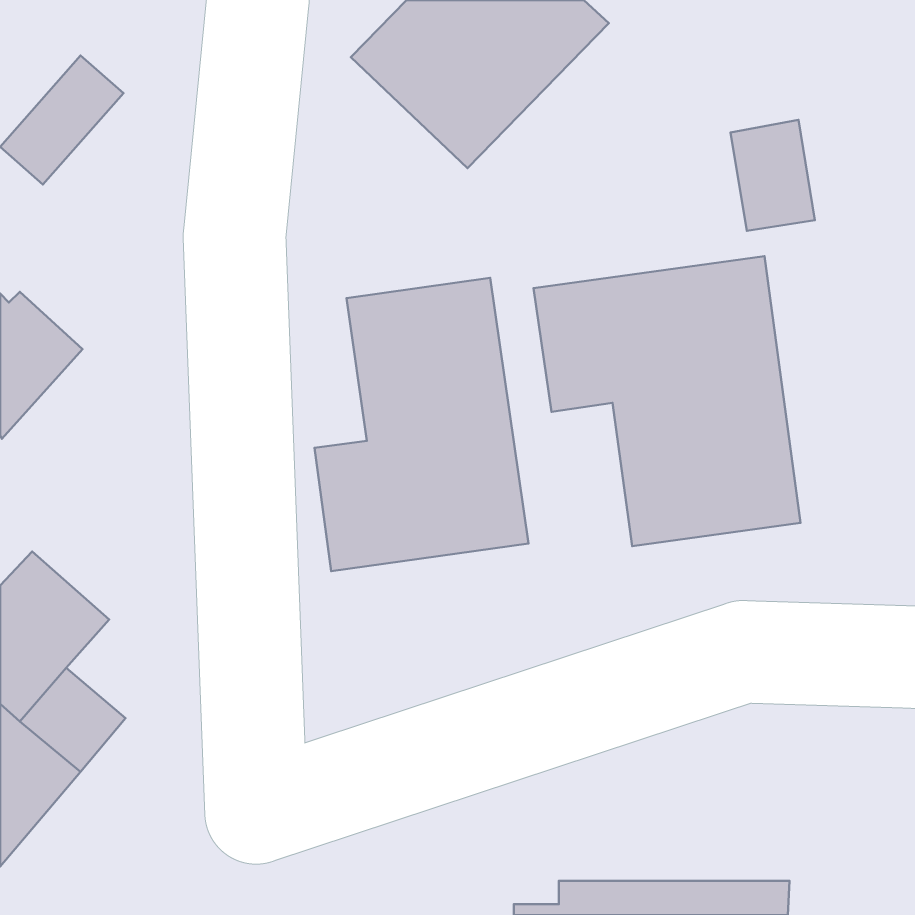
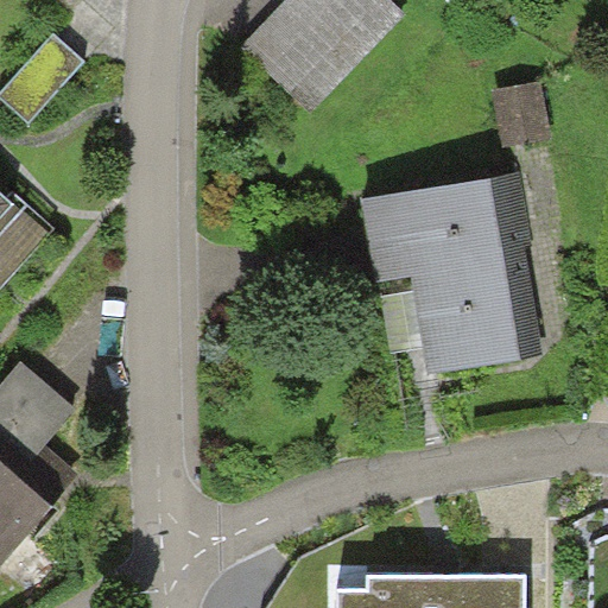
building: [315,278,528,571] -> none

